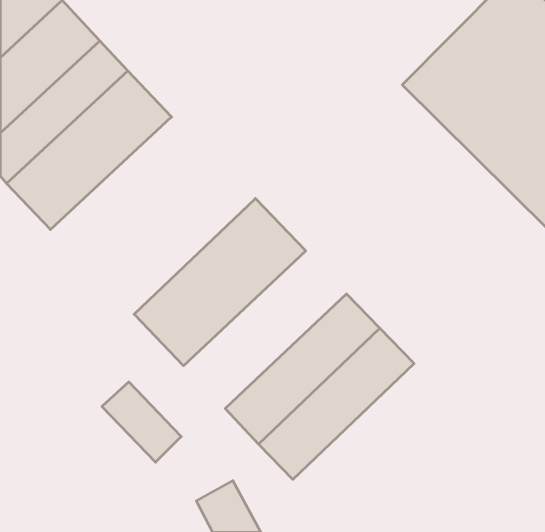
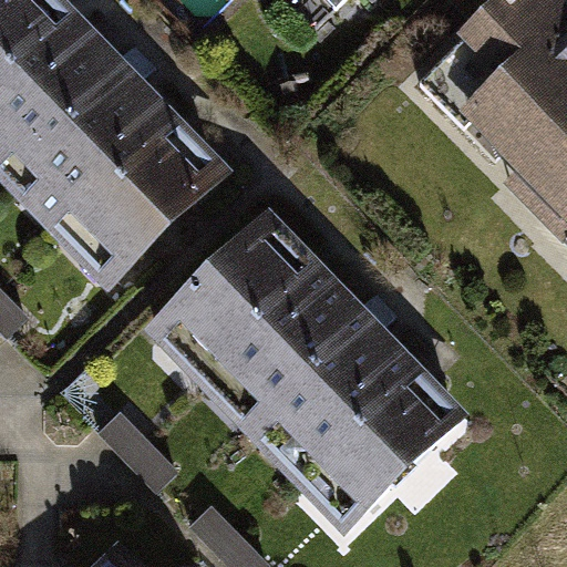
building: none -> [55,121,225,285]
building: none -> [193,259,361,422]
building: none -> [306,375,467,534]

